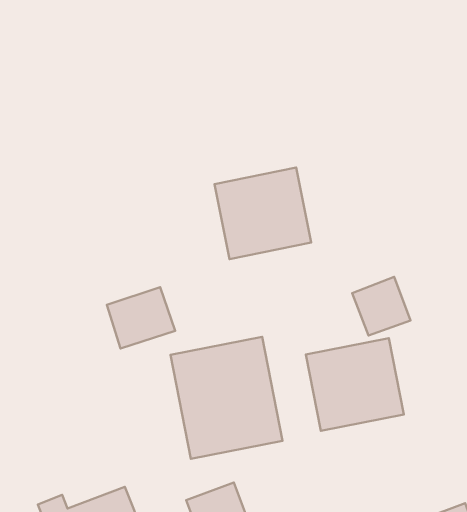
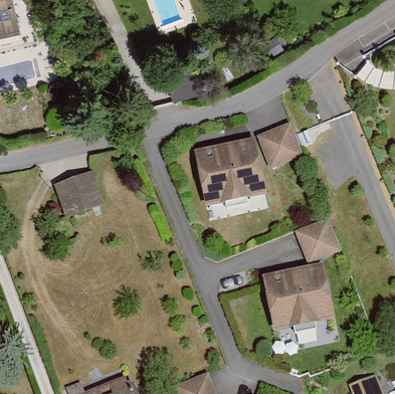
building: none -> [258,124,303,168]
building: [107,287,175,348] -> [52,171,103,216]
building: [170,337,282,459] -> none

